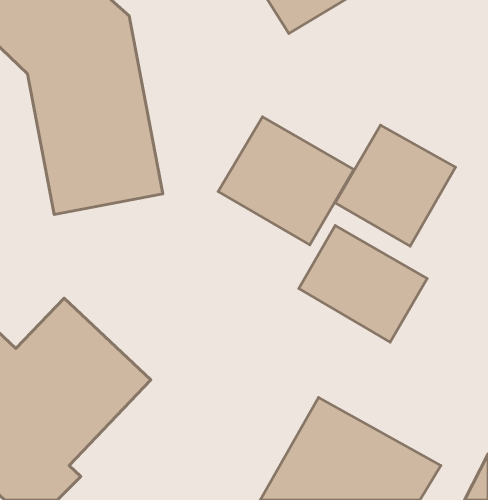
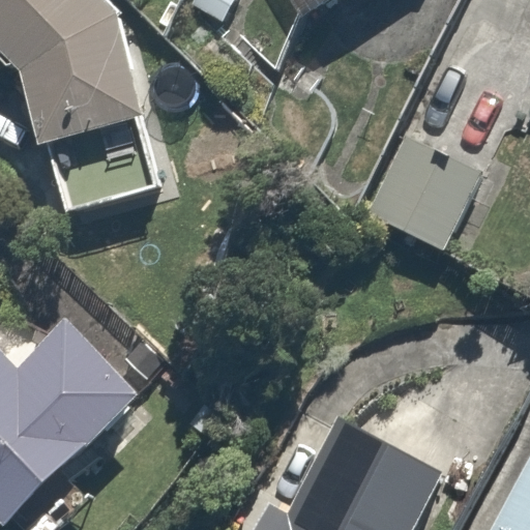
building: [218,117,354,245] -> none
building: [299,225,427,342] -> none

